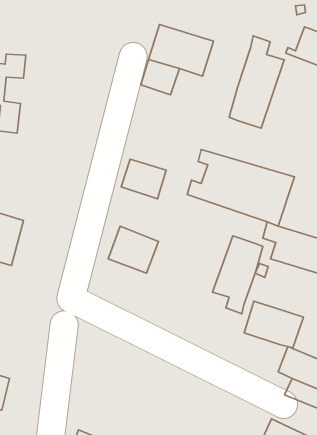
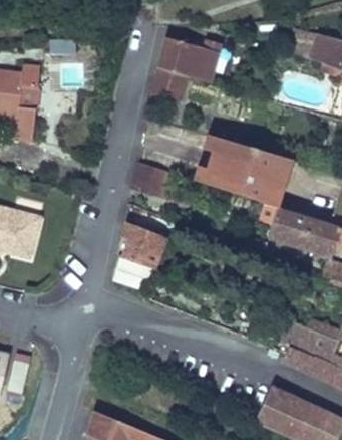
building: [229,36,284,128] -> none
building: [213,236,263,314] -> none
building: [244,301,303,348] -> none

